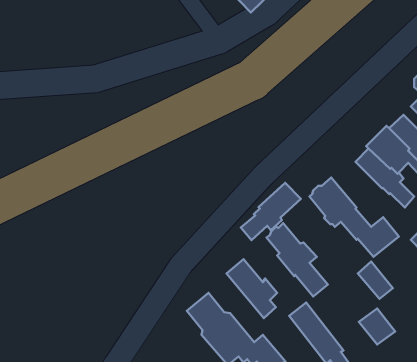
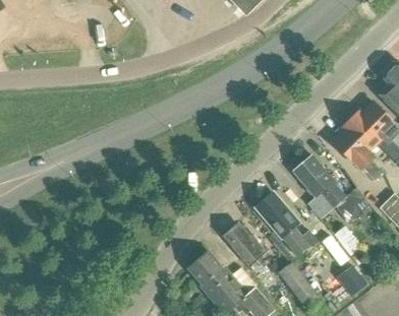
building: [241,183,301,240] -> none

